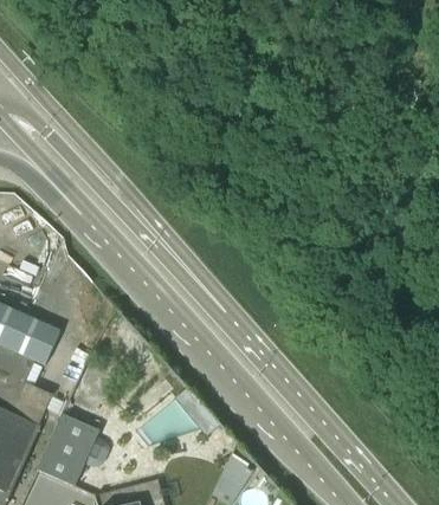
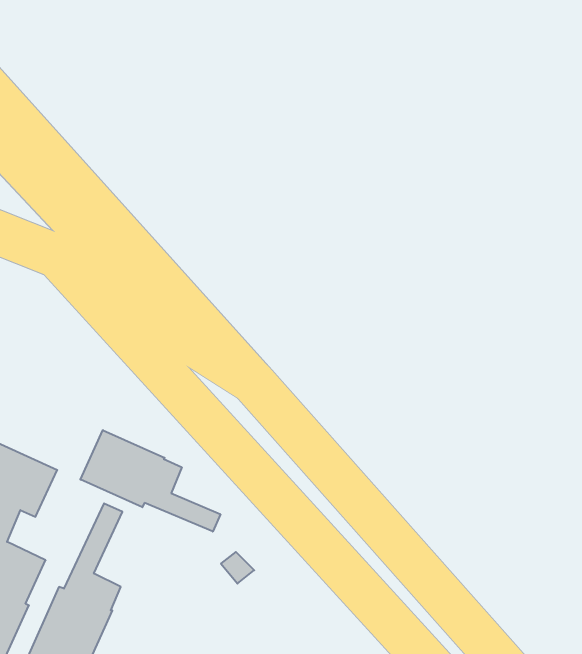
building: none -> [80,430,220,532]

